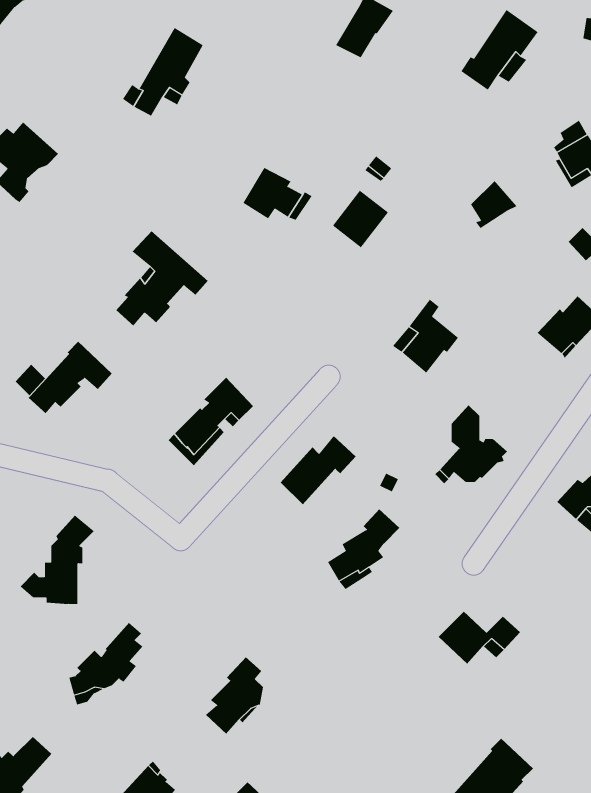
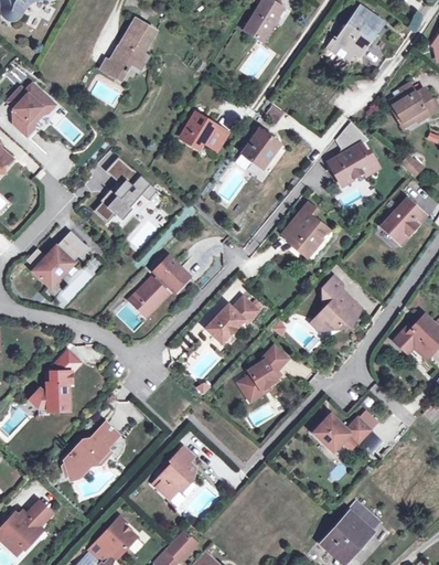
building: none -> [330,143,378,183]

